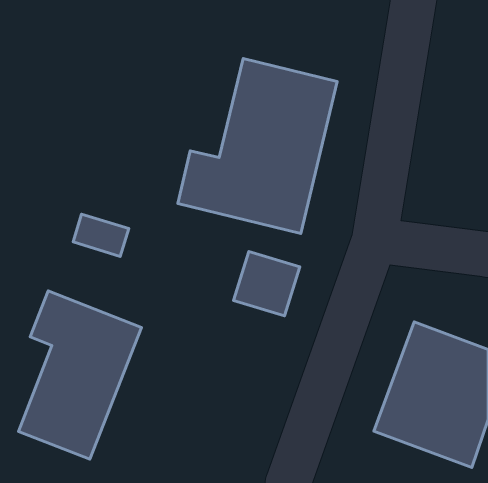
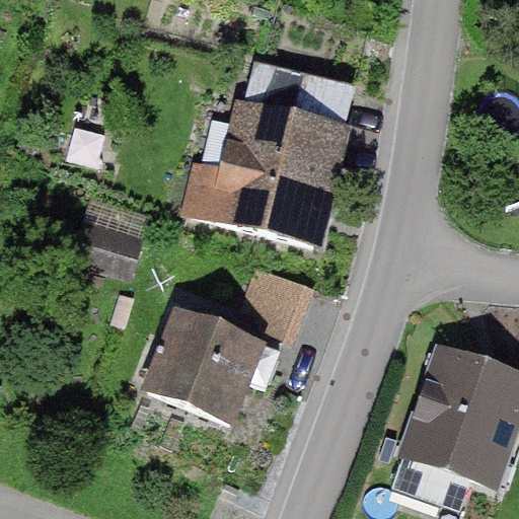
building: [18,291,142,459] -> none
building: none -> [147,310,279,419]

